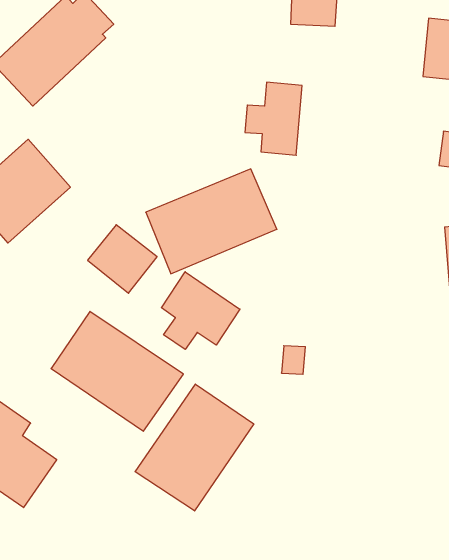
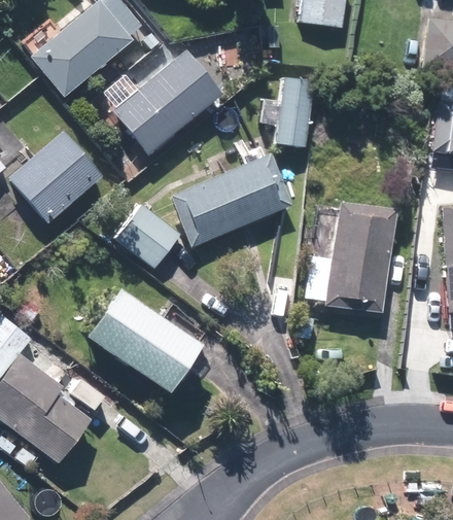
building: none -> [114,48,225,157]
building: none -> [305,200,398,313]
building: [161,272,240,349] -> none
building: [135,384,254,511] -> none

